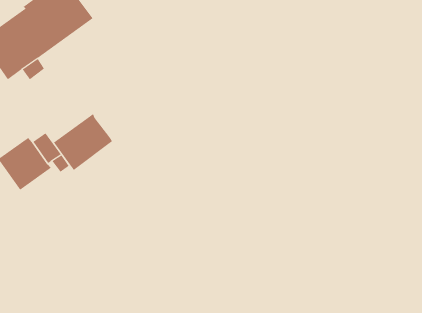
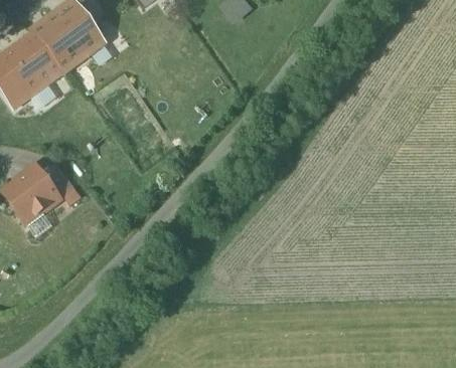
building: [53,113,113,171] -> none

